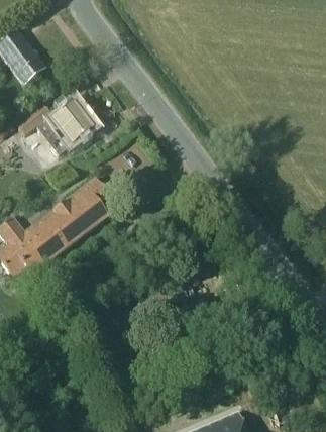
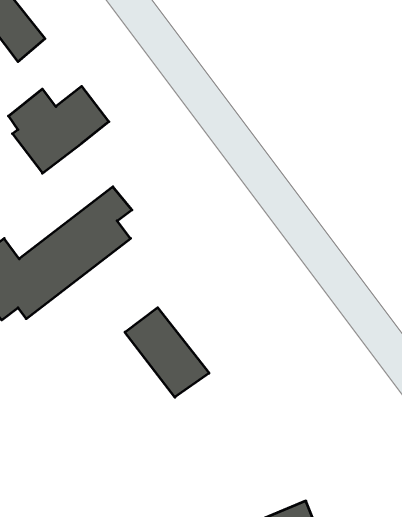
building: none -> [125,308,209,397]

